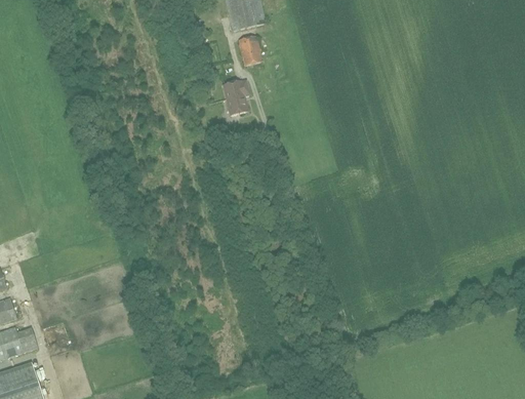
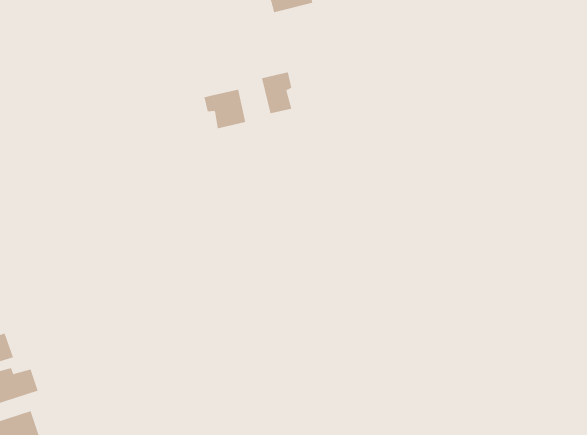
building: [238,35,261,65] -> none
building: none -> [204,89,246,129]

